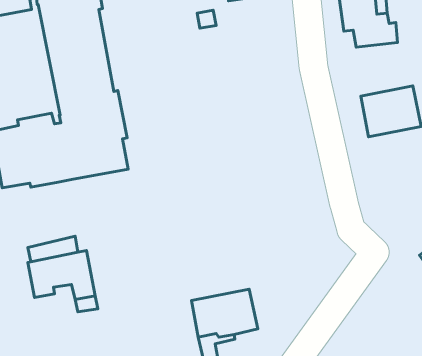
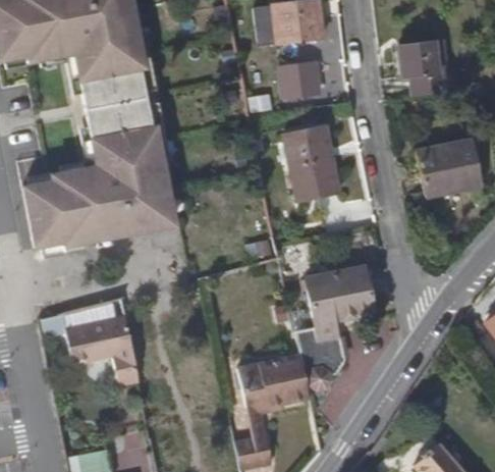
building: none -> [277,60,321,99]
building: none -> [284,126,341,201]
building: none -> [304,270,375,389]

